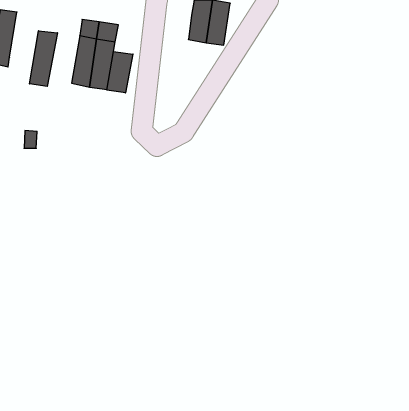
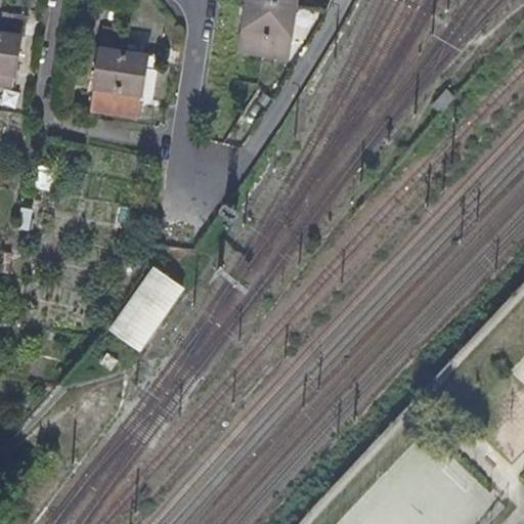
building: [30,31,57,86] -> none
building: [107,52,133,93] -> none
building: none -> [107,269,183,354]

